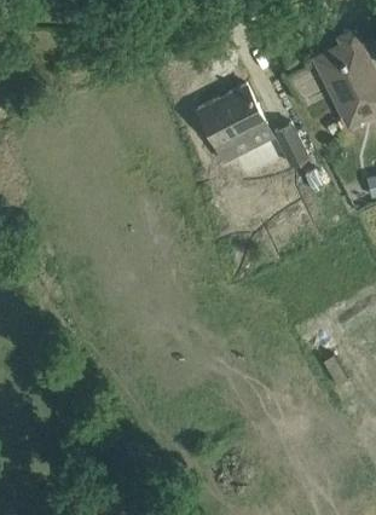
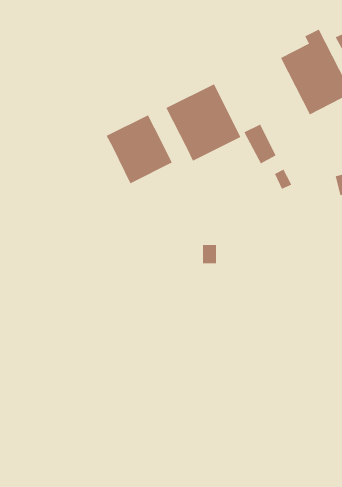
building: none -> [106,114,172,184]

